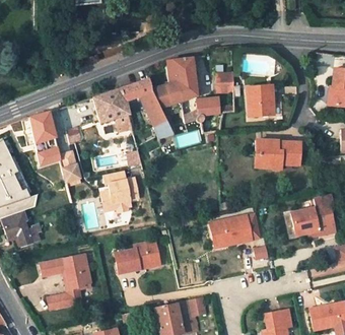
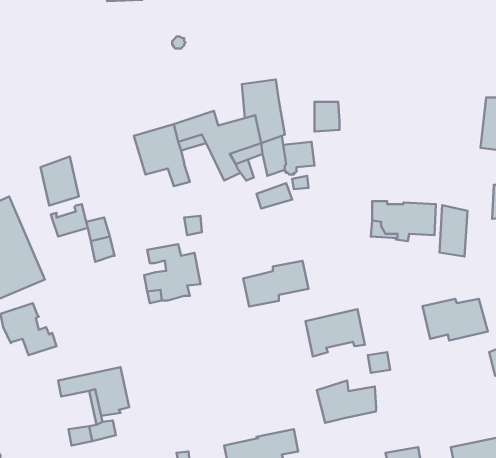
building: [248,86,274,117] -> none
building: none -> [440,205,467,256]
building: [115,242,159,273] -> [243,261,308,307]
building: none -> [317,381,376,423]

